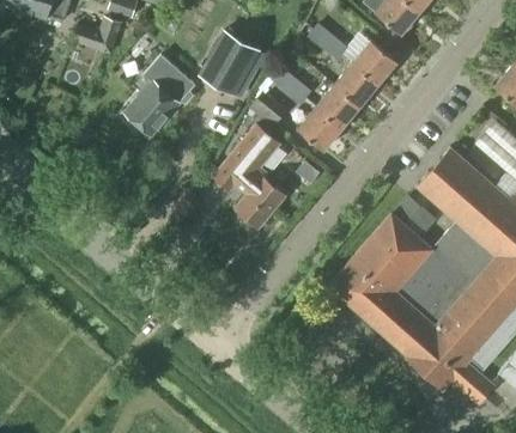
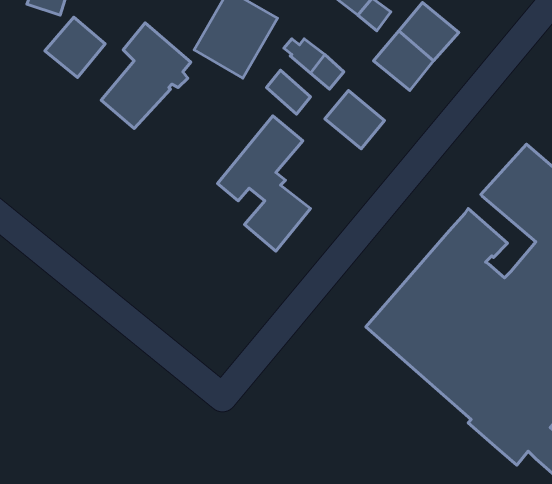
building: none -> [45,17,105,77]
building: [315,84,362,129] -> none

